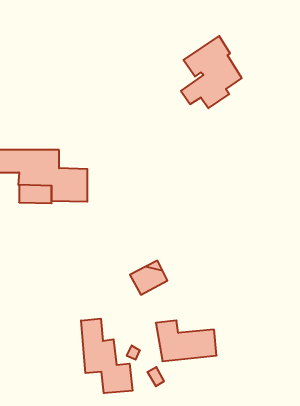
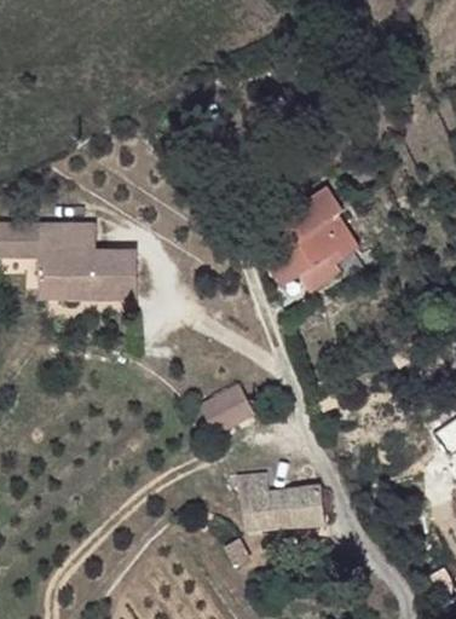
building: [181,36,242,108] -> [270,186,358,291]
building: [81,319,132,393] -> none

